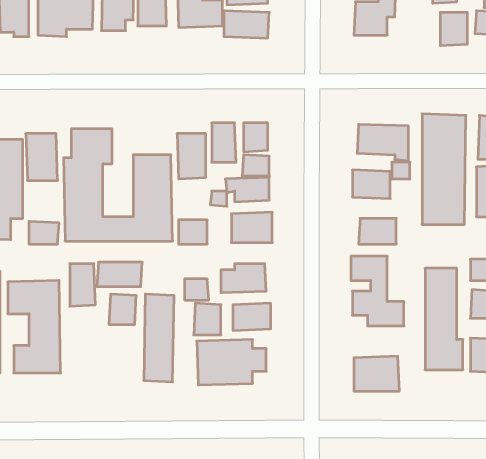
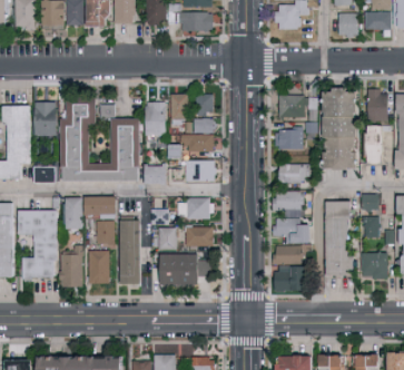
building: none -> [59,244,82,286]
building: none -> [272,245,300,264]
building: none -> [87,250,109,283]

